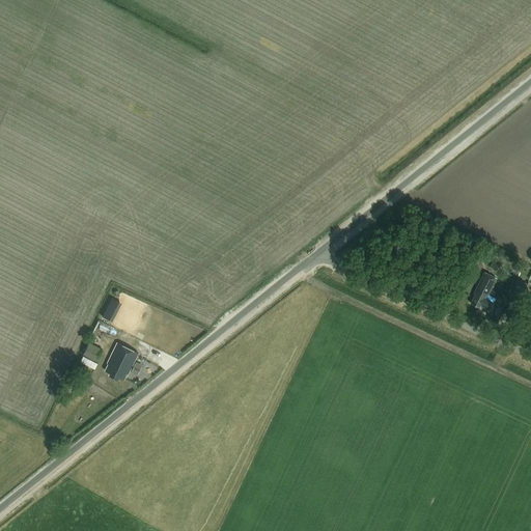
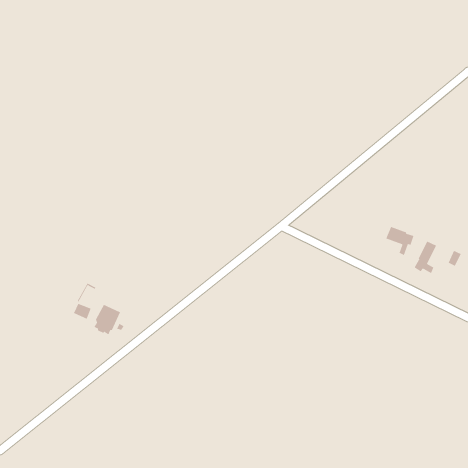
building: none -> [385,226,414,256]

